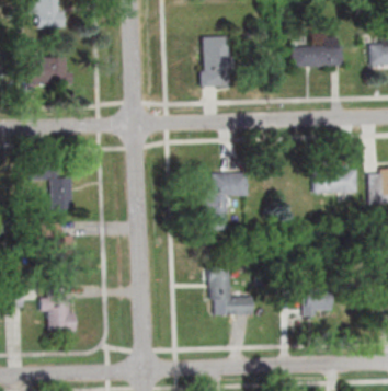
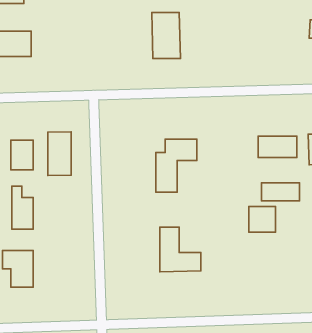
building: [292,37,342,66] -> none
building: none -> [48,132,71,176]
building: none -> [262,183,300,201]
building: [304,287,332,314] -> [249,207,275,232]

